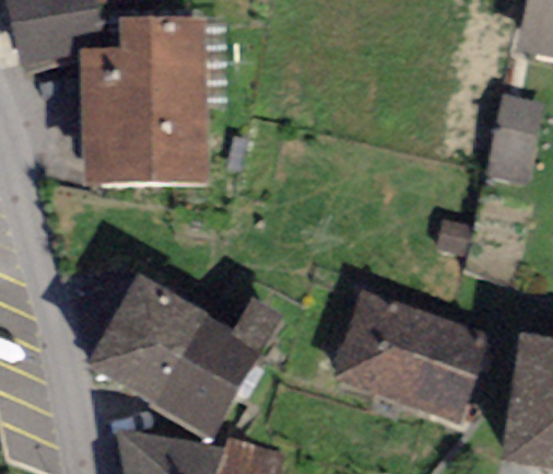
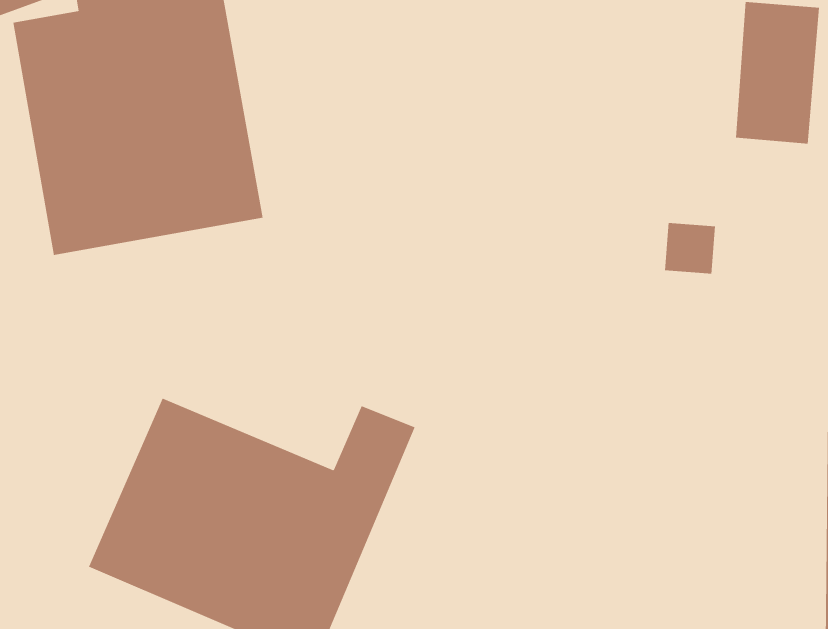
building: [331,291,494,420] -> none

